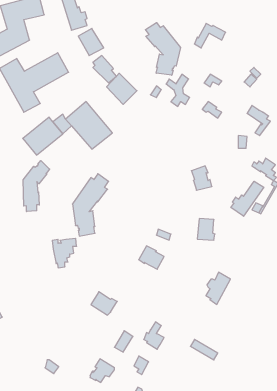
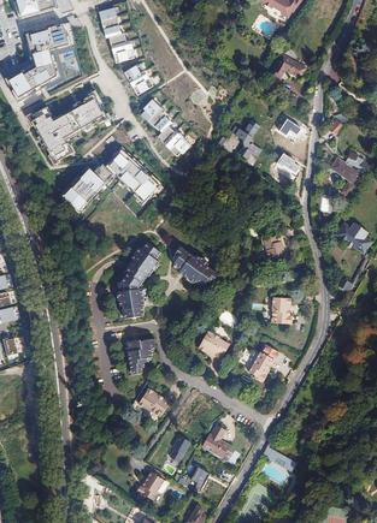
building: [145,23,180,75] -> none
building: [23,161,50,212] -> none
building: none -> [172,245,218,285]
building: [231,181,264,216] -> none
building: [52,238,77,268] -> [125,338,155,374]
building: [206,272,230,304] -> [248,343,278,382]

